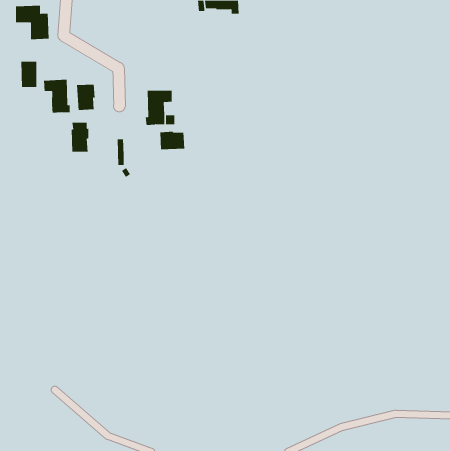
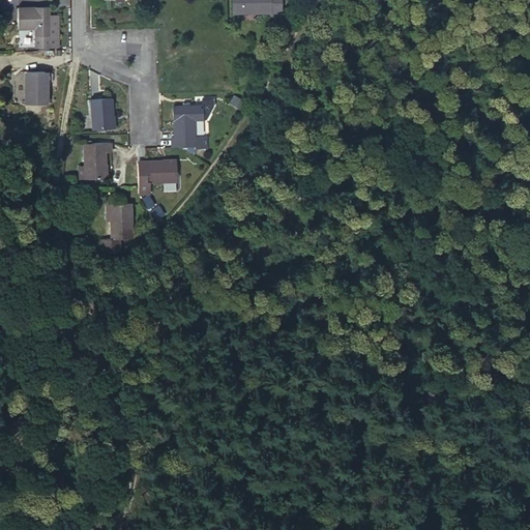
building: [44,79,70,113] -> none
building: [159,131,185,150] -> [147,161,177,183]
building: none -> [101,202,134,254]

